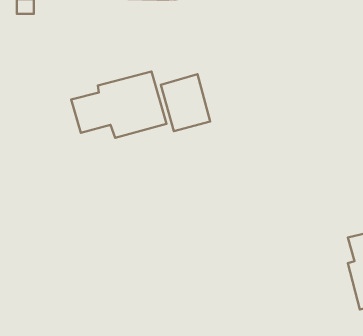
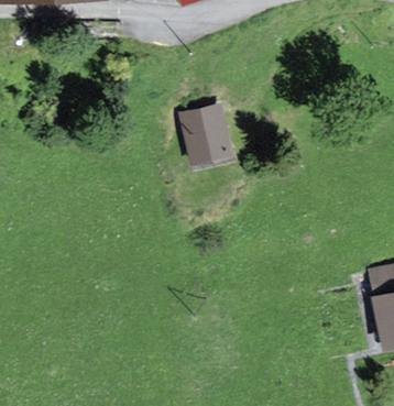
building: [71,71,166,138] -> none

